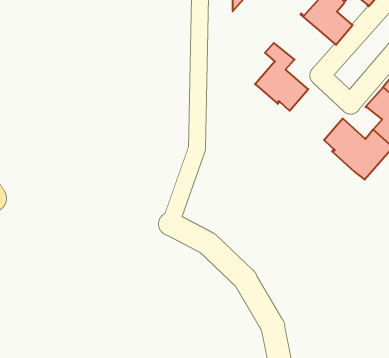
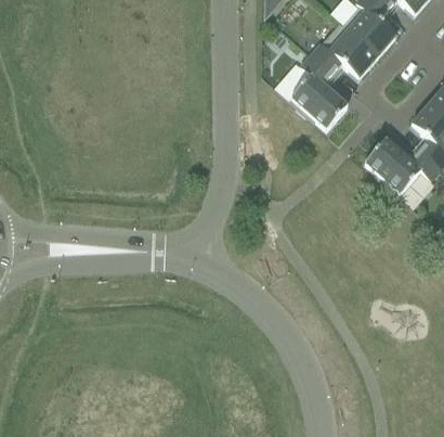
building: none -> [313,21,380,76]

